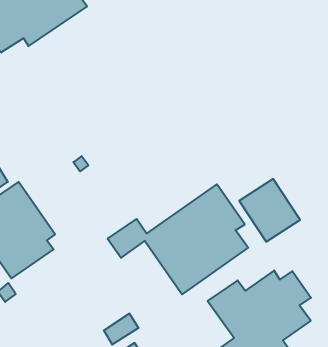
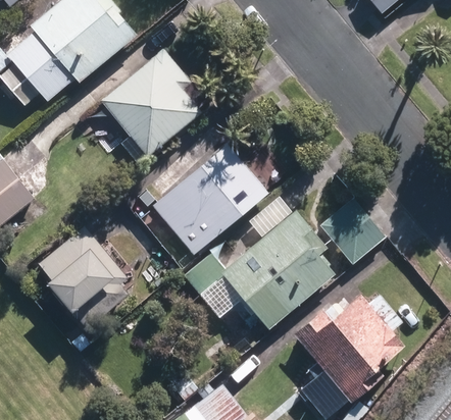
building: none -> [99,47,202,156]
building: none -> [150,147,285,257]

